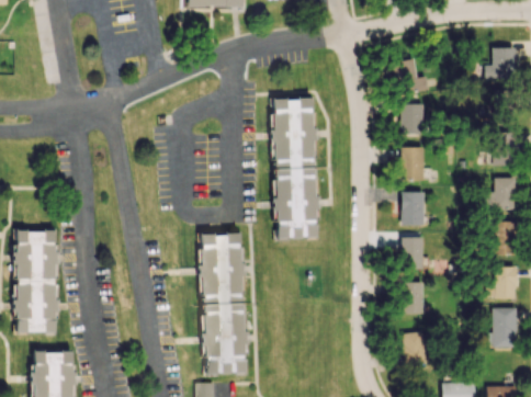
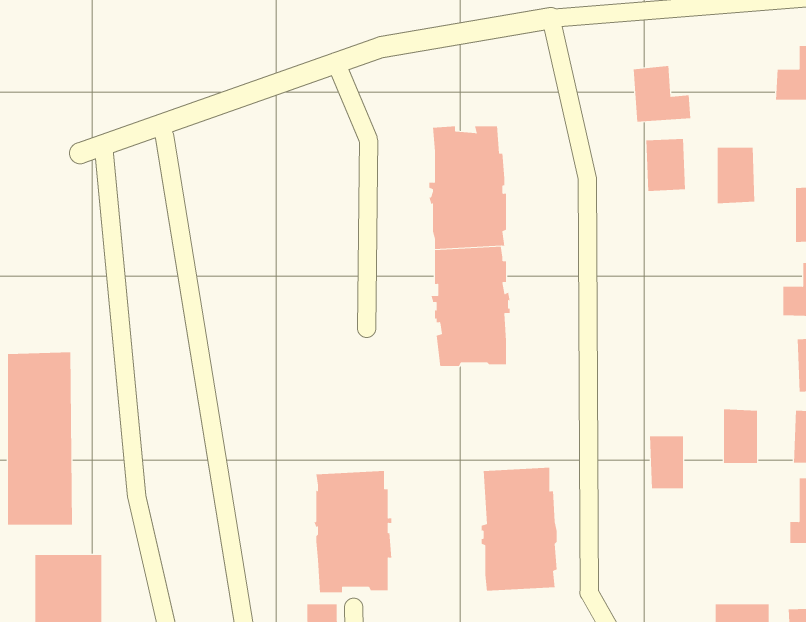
building: [402,147,425,181] -> [717,147,755,204]
building: [402,192,425,225] -> none
building: [199,230,245,305] -> [481,467,557,591]
building: [402,237,422,270] -> [723,409,758,464]
building: [403,331,427,365] -> none

